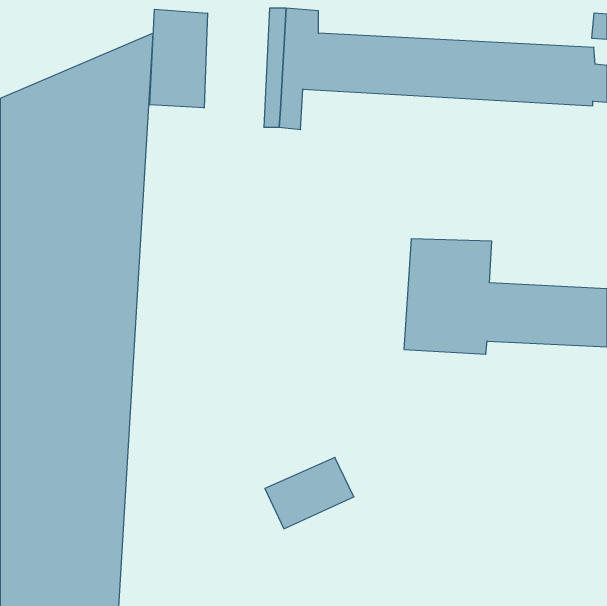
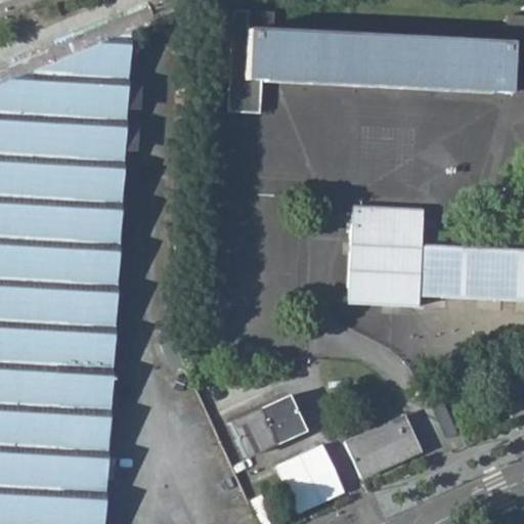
building: [150,9,208,108] -> none
building: none -> [345,414,422,478]
building: none -> [275,442,344,512]

